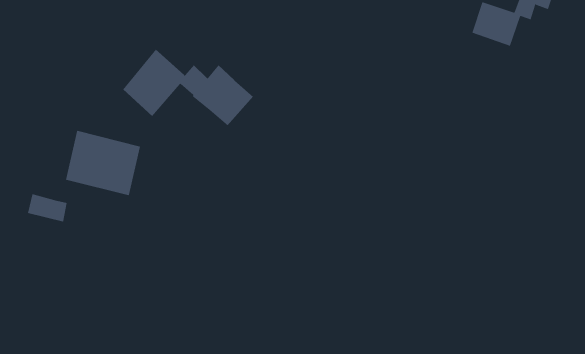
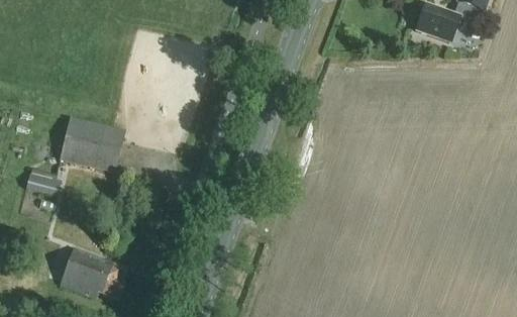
building: [123,49,254,126] -> none
building: none -> [60,247,126,301]

